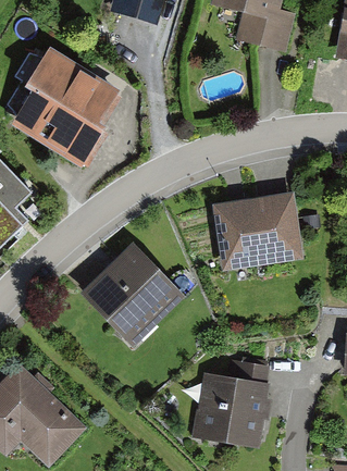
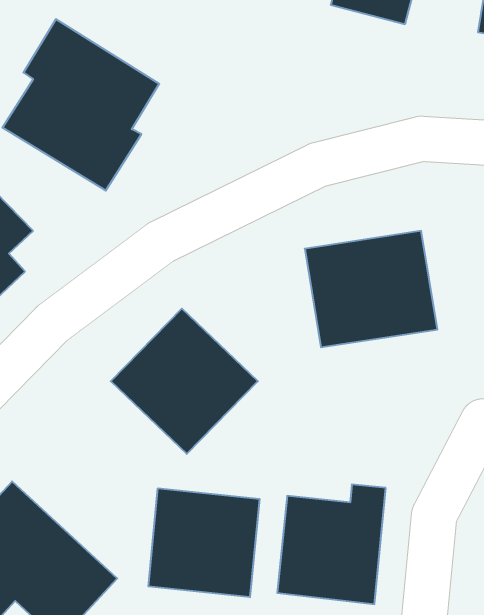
building: none -> [148,488,260,597]

